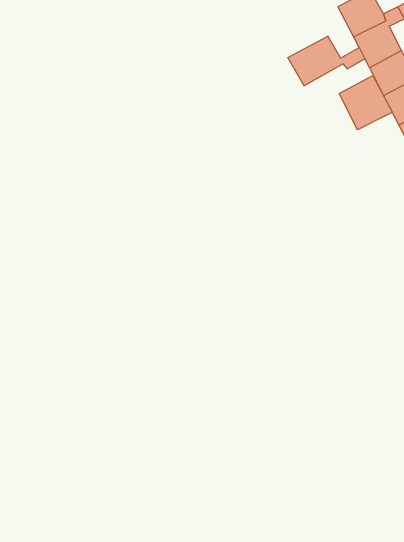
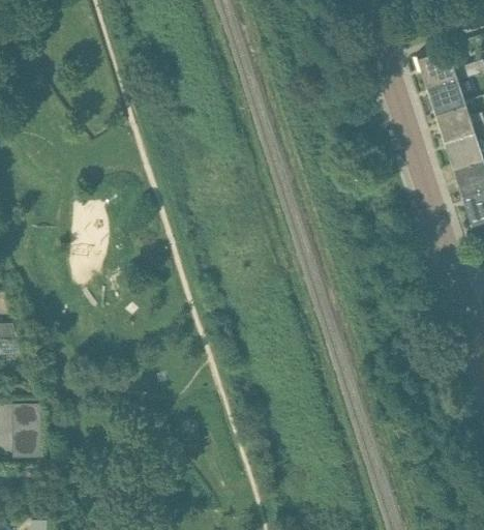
building: [288,36,365,86] -> none
building: [339,75,392,130] -> none

